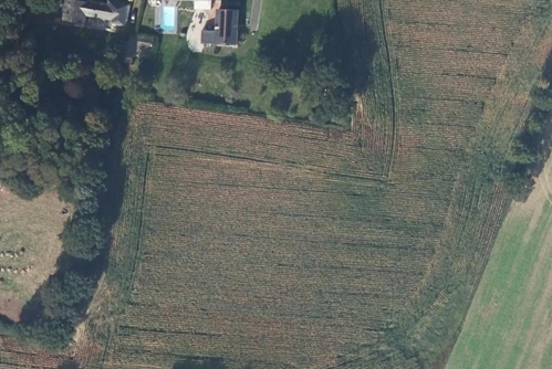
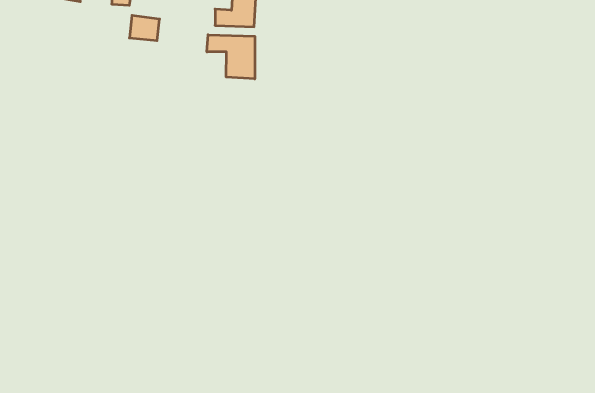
building: none -> [207,35,255,79]

